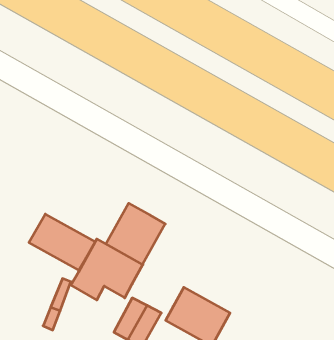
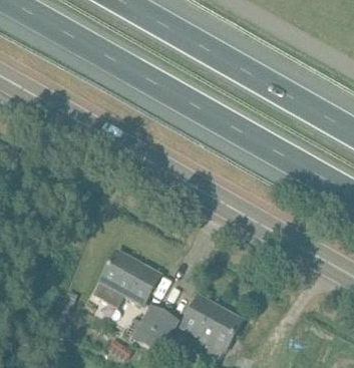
building: [106,203,165,264] -> none
building: [29,214,95,270] -> none

